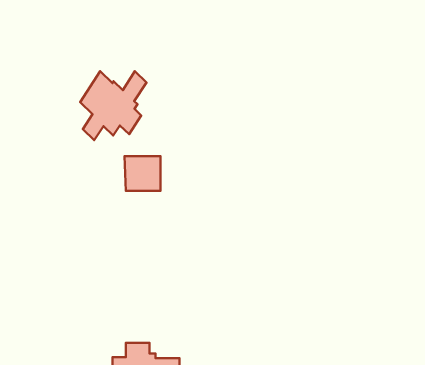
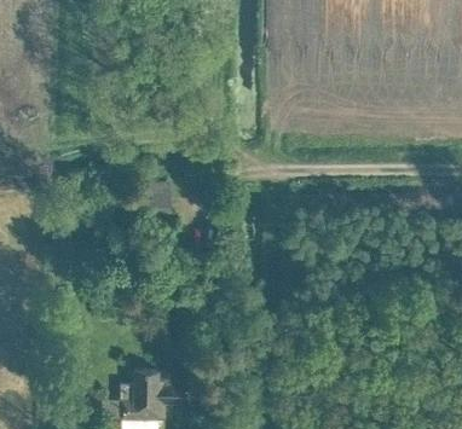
building: [80,71,146,140] -> none

